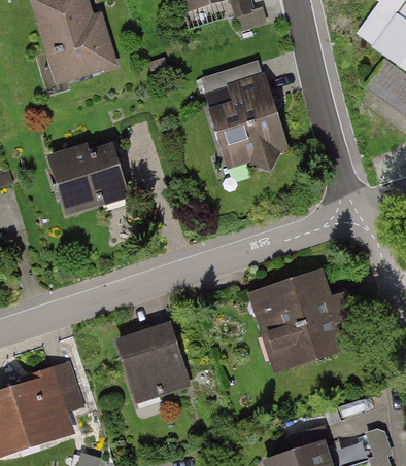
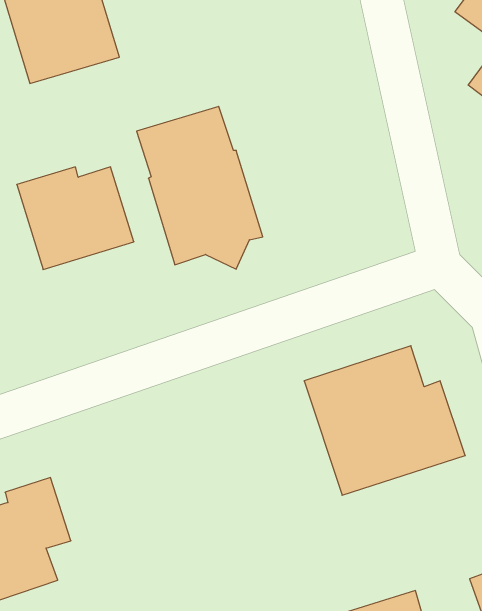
building: [200,58,289,172] -> [137,106,263,269]
building: [114,322,190,402] -> none

